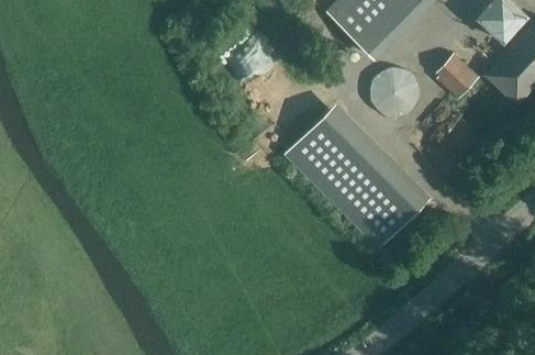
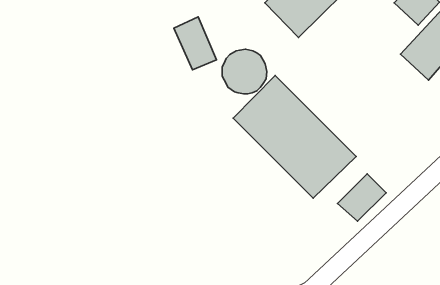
building: [436,54,480,100] -> none
building: [366,67,419,120] -> [222,49,267,94]
building: none -> [338,174,386,221]

